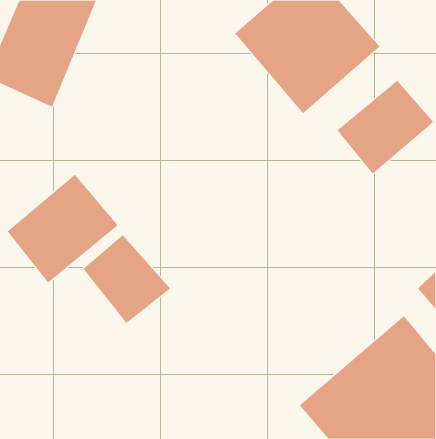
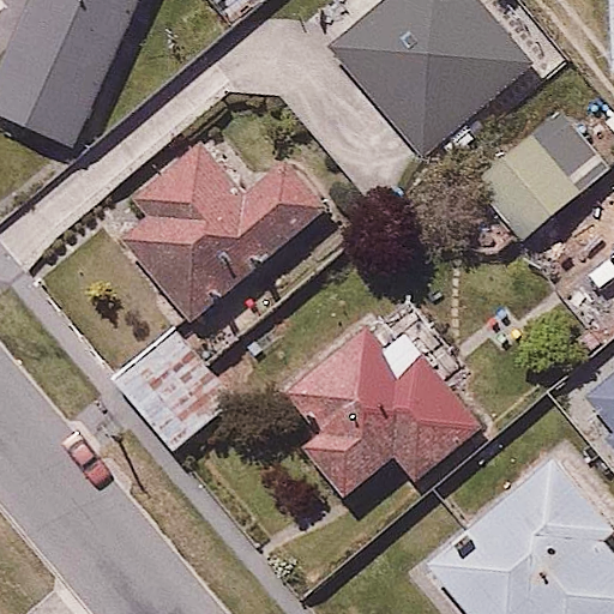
building: none -> [124,127,349,324]
building: [7,174,119,283] -> none
building: none -> [283,330,483,498]

